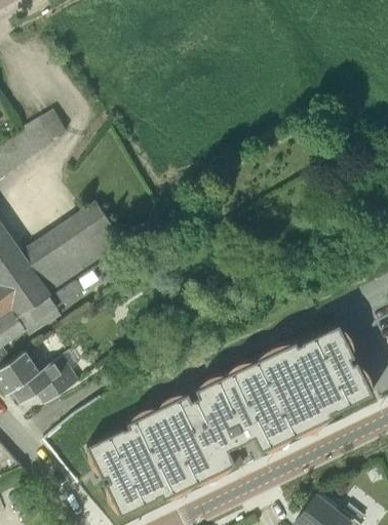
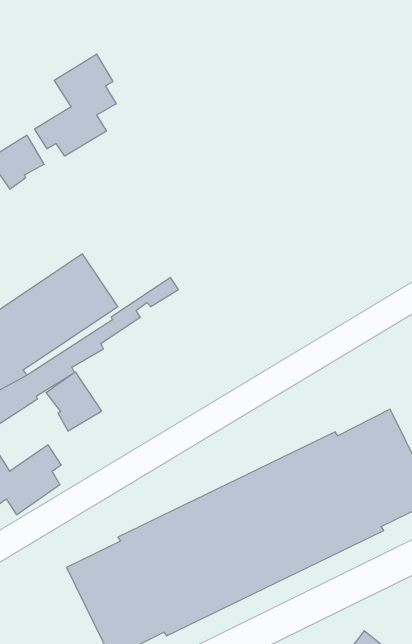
building: none -> [35,54,116,156]
building: none -> [46,372,102,431]

